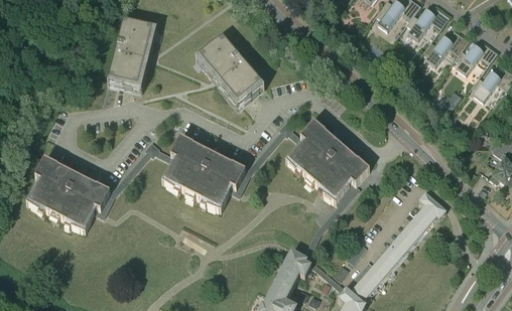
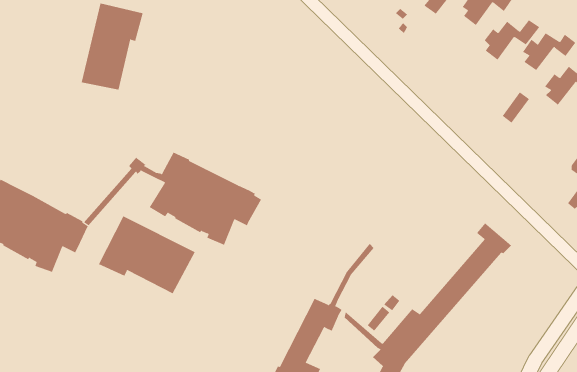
building: [196,35,261,104] -> none
building: [245,120,370,211] -> none
building: none -> [98,215,196,294]

